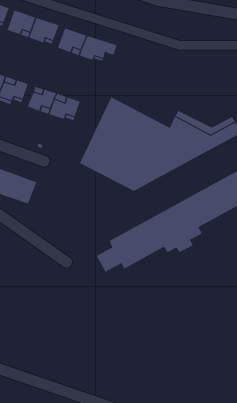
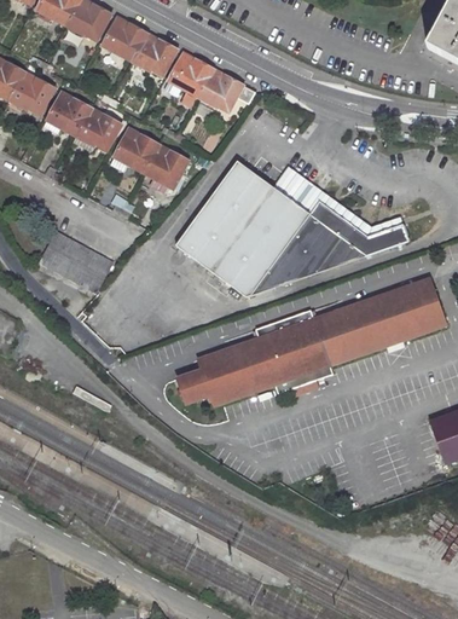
building: none -> [271,166,324,215]

